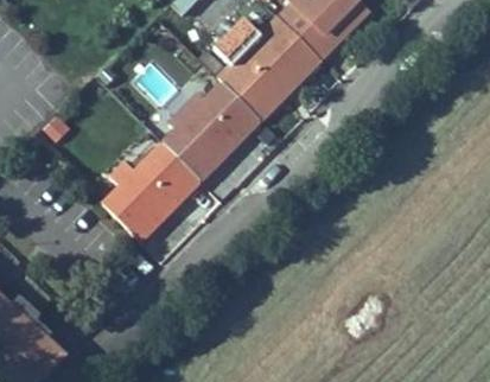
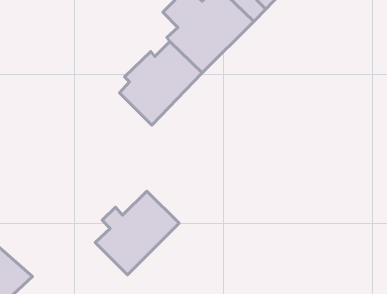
building: [104,141,203,240] -> [95,191,179,275]

